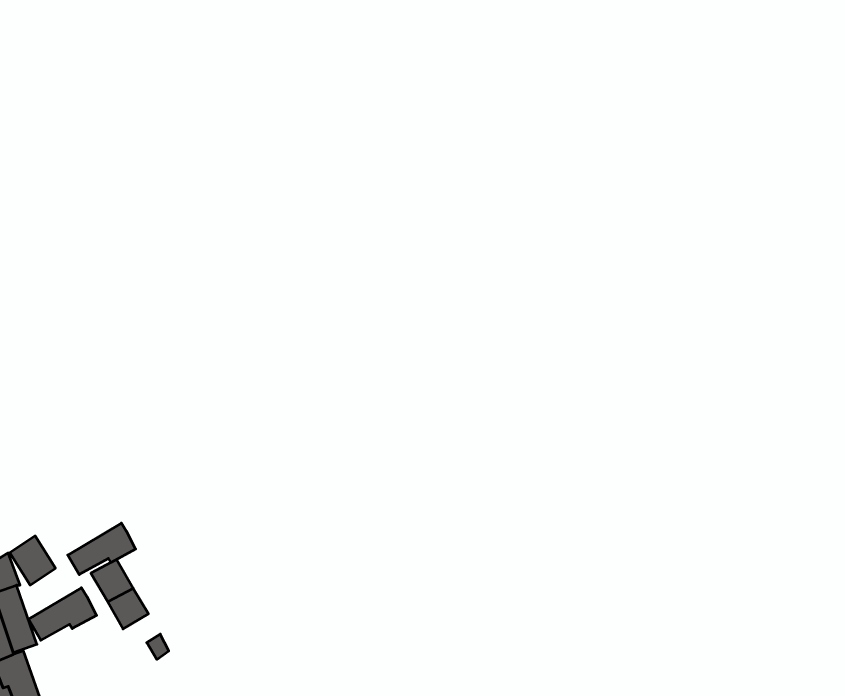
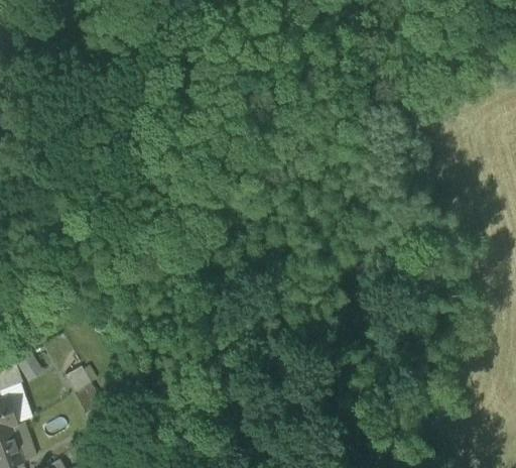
building: [68,523,136,575] -> none
building: [28,588,97,640] -> none

